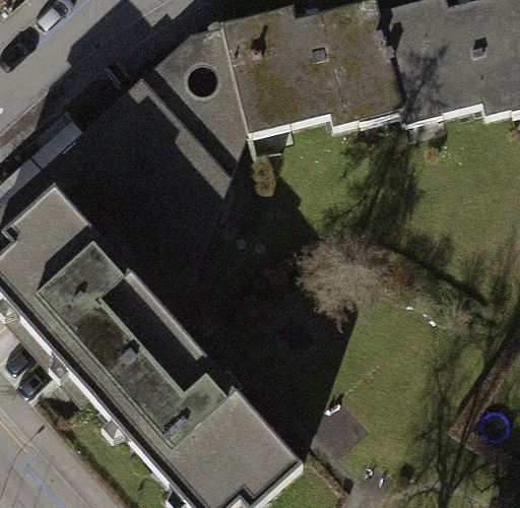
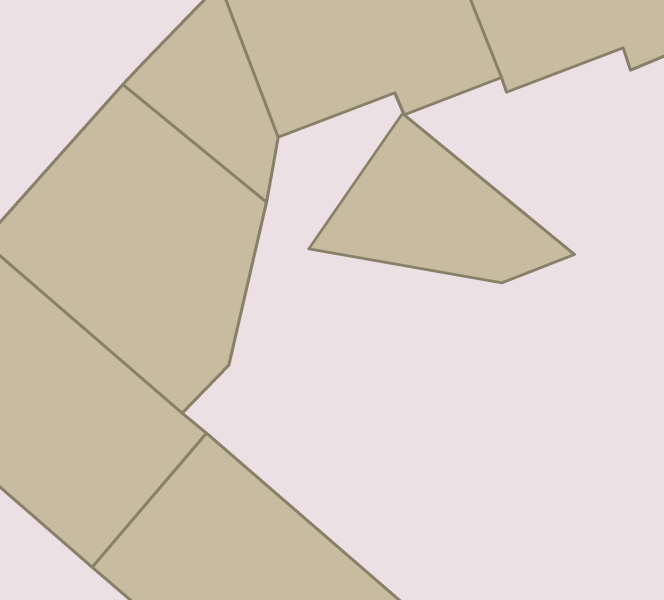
building: none -> [309,114,574,283]

